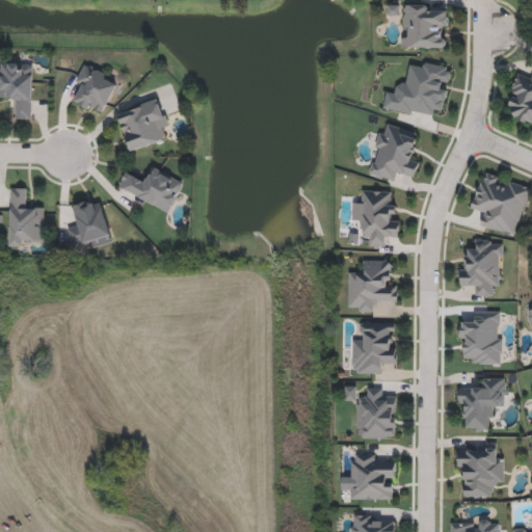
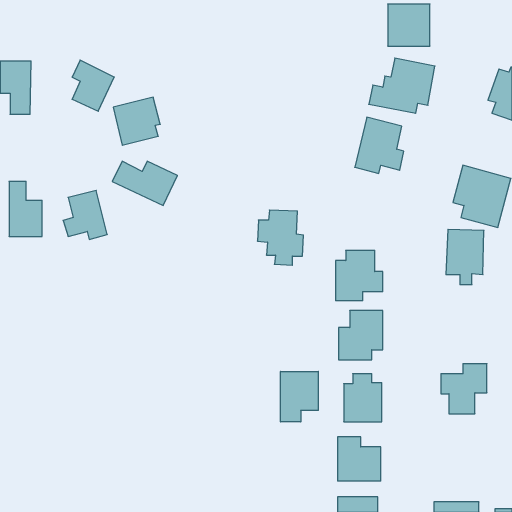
building: [351,189,399,246] -> [257,210,303,265]
building: [459,310,502,363] -> none
building: none -> [281,371,318,422]
building: [459,443,503,497] -> none

